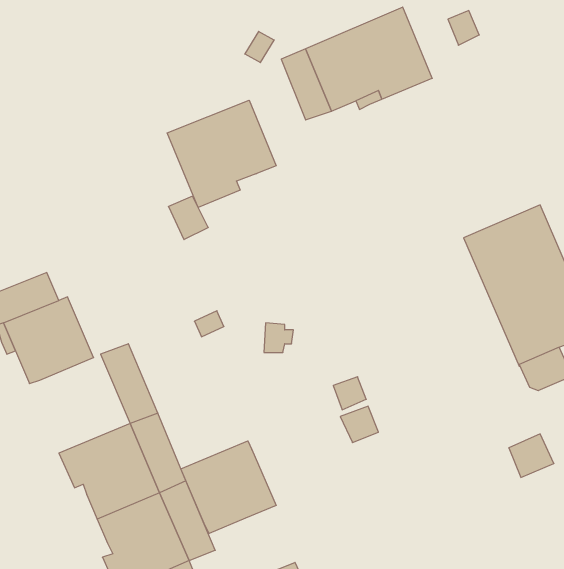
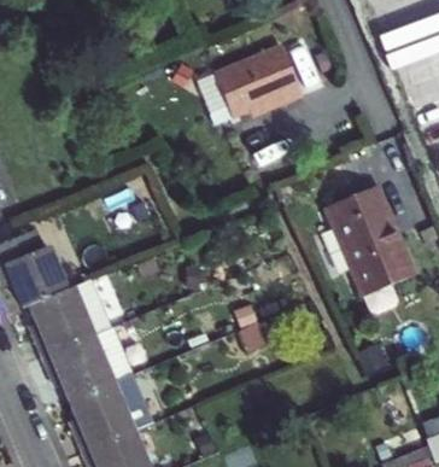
building: [167,100,276,208] -> none
building: none -> [30,288,93,357]
building: [181,441,276,533] -> none

